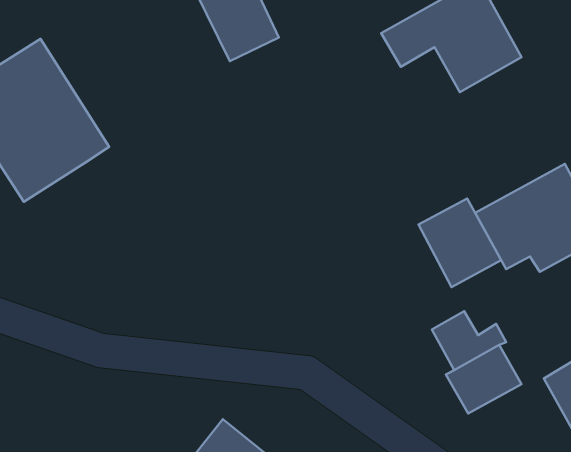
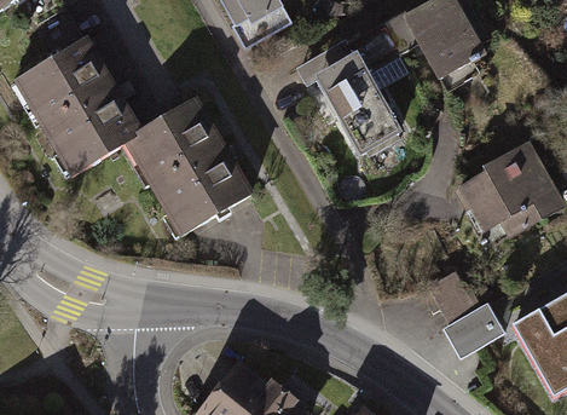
building: none -> [309,30,401,155]
building: none -> [122,96,255,236]
building: [419,198,501,287] -> none

